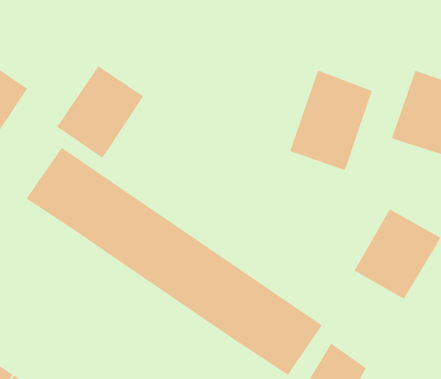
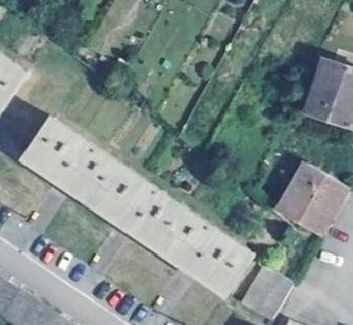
building: [56,65,144,159] -> none
building: [289,69,373,171] -> none

